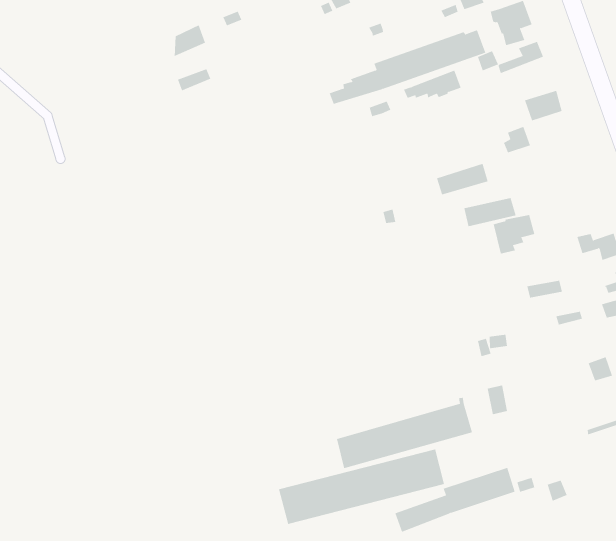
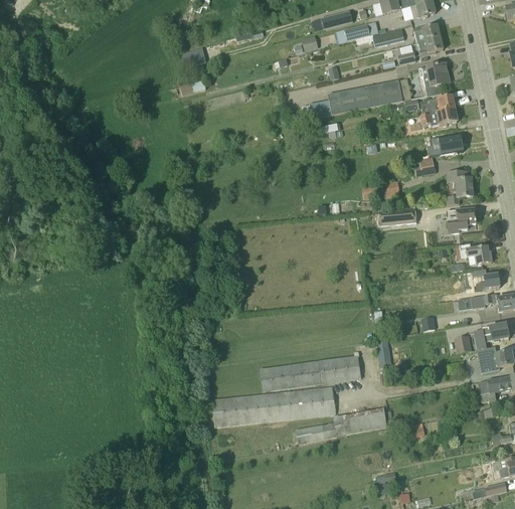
building: [403,70,461,99] -> [414,108,458,127]
building: none -> [446,171,474,205]
building: [493,215,535,254] -> [447,208,477,234]

